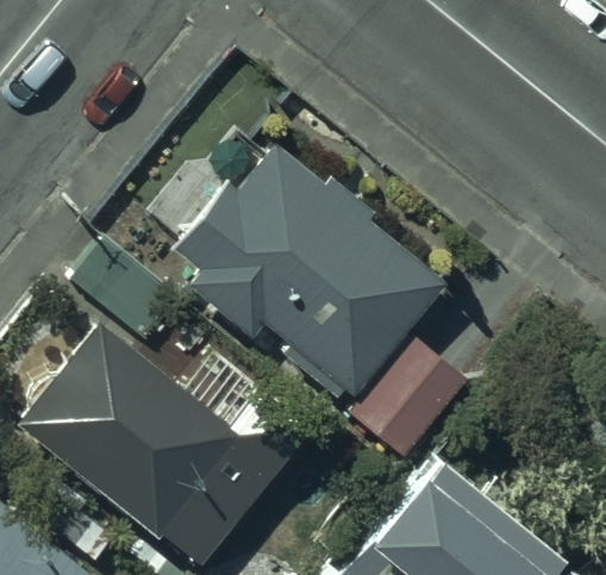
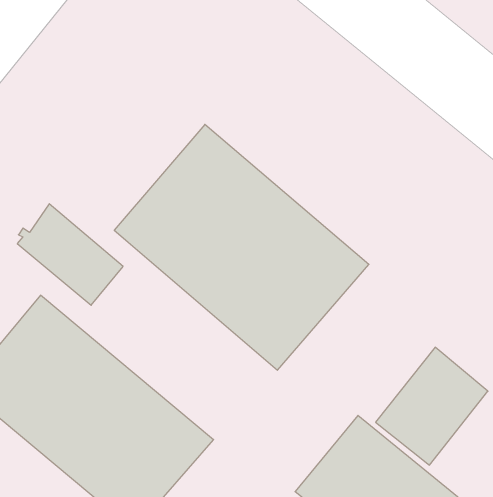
building: [357,331,479,458] -> [376,347,488,465]

